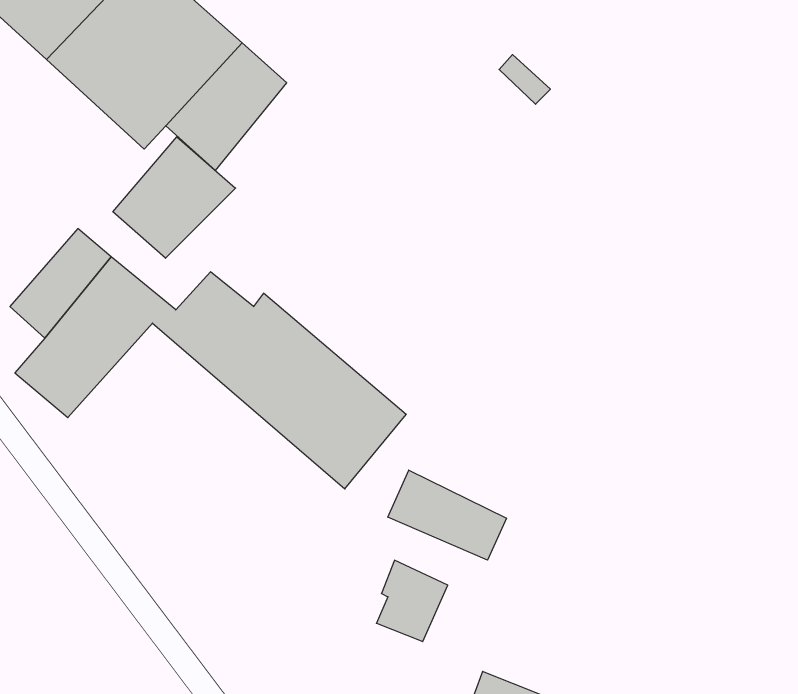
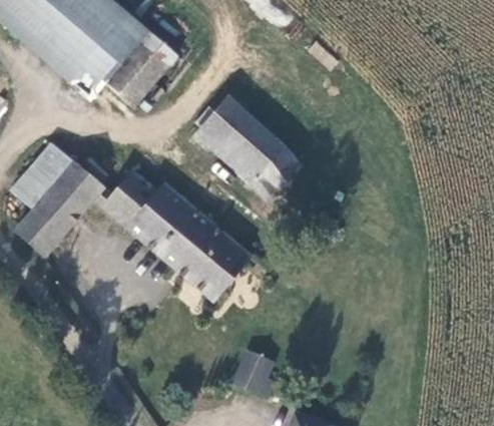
building: [113,137,236,258] -> none
building: none -> [193,96,306,202]
building: [388,470,506,560] -> none

